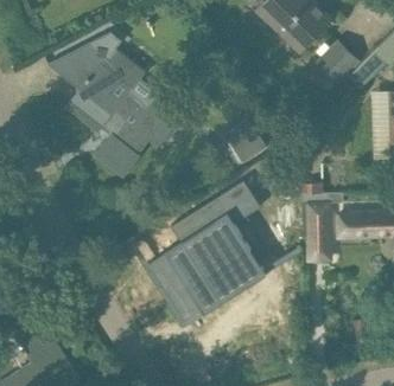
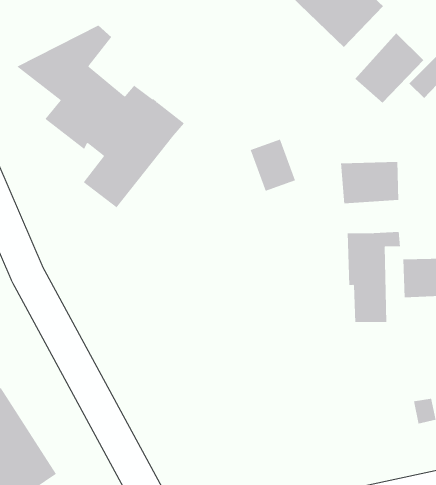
building: none -> [341,161,399,204]
building: [146,180,265,322] -> none

